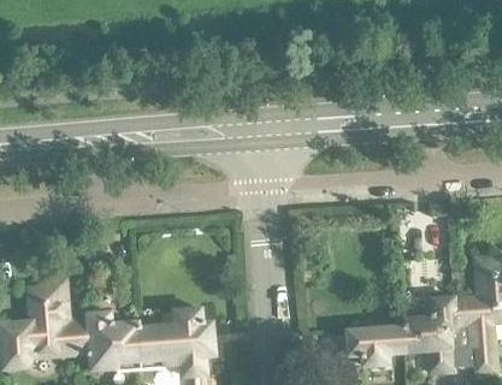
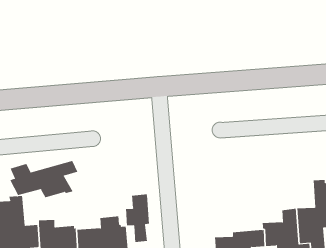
building: none -> [9,160,78,198]
building: none -> [125,193,150,243]

